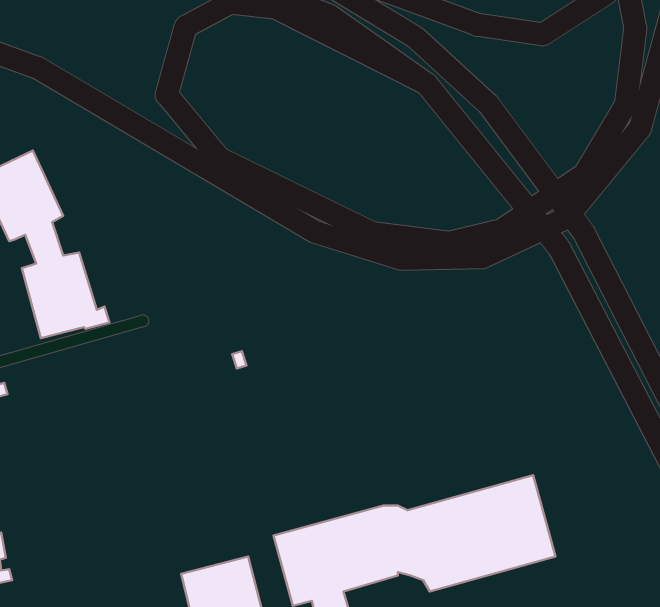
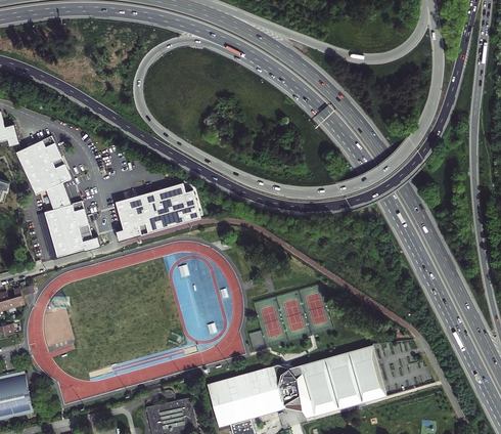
building: none -> [115,183,200,242]

